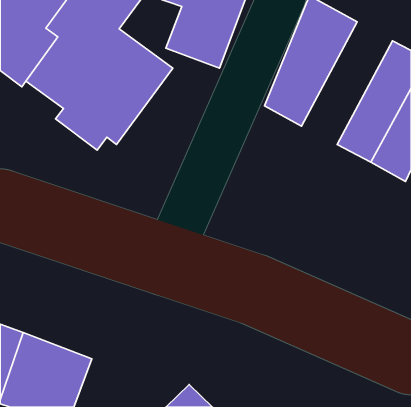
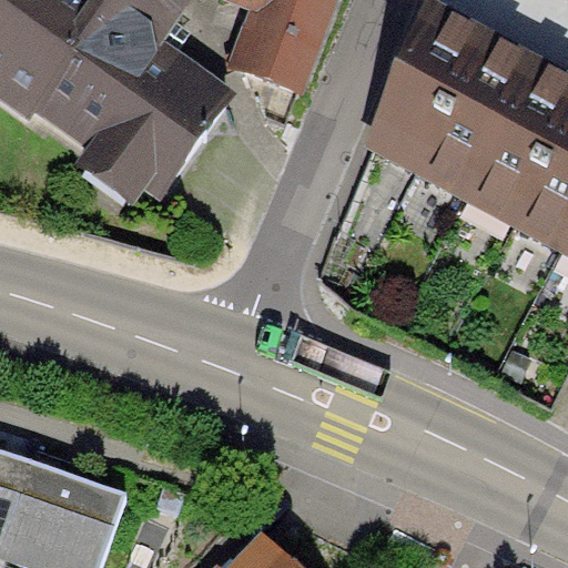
building: none -> [416,30,541,200]

